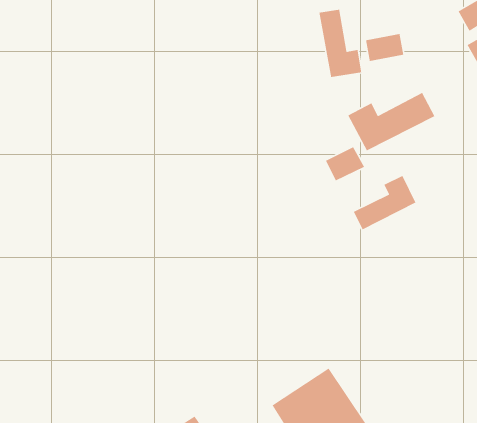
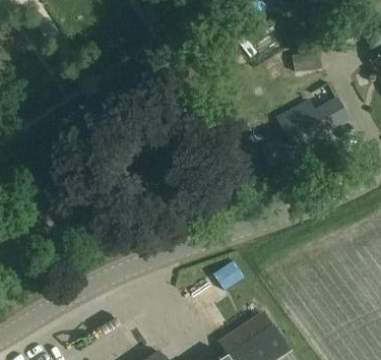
building: [318,9,362,78] -> none
building: [353,175,417,231] -> none

